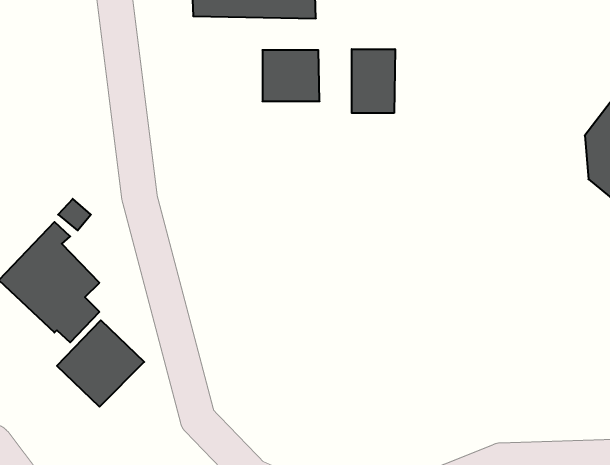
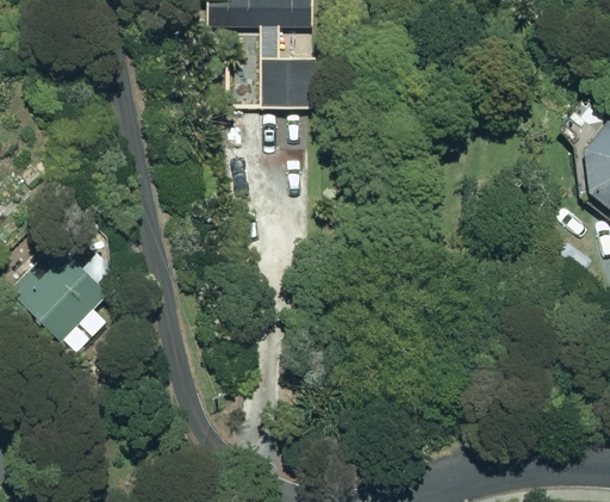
building: [352,49,395,113] -> none
building: [57,320,144,407] -> none

